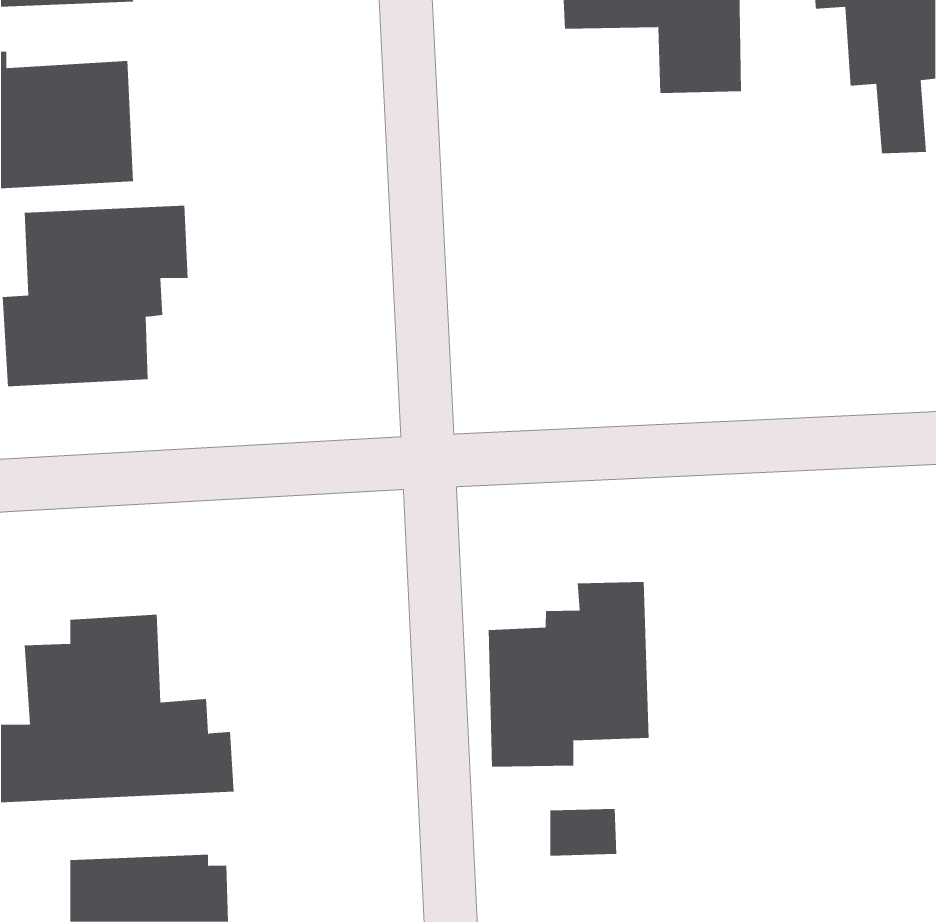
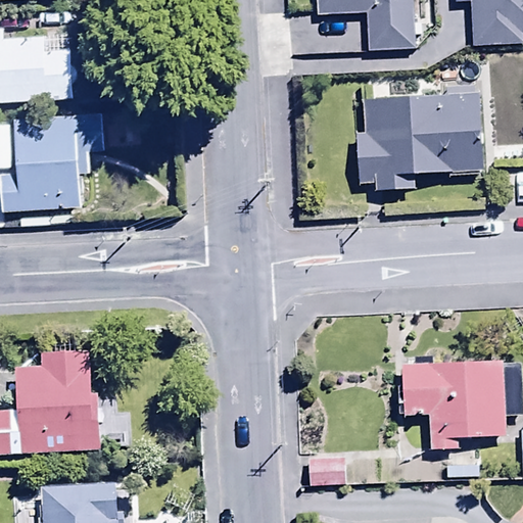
building: none -> [359,99,481,198]
building: [488,581,649,767] -> none
building: none -> [398,350,505,442]

